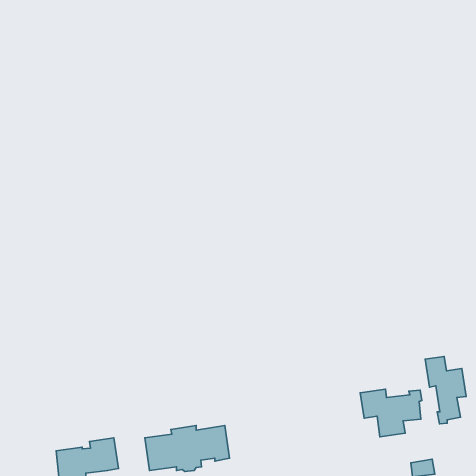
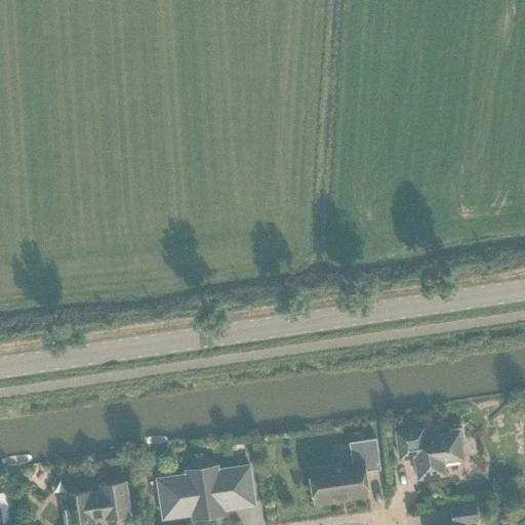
building: [425,356,466,424] -> none
building: none -> [310,440,381,504]

